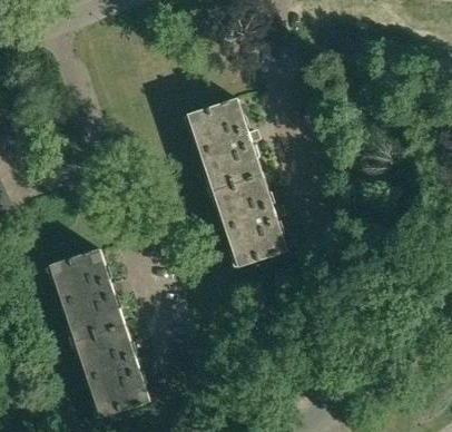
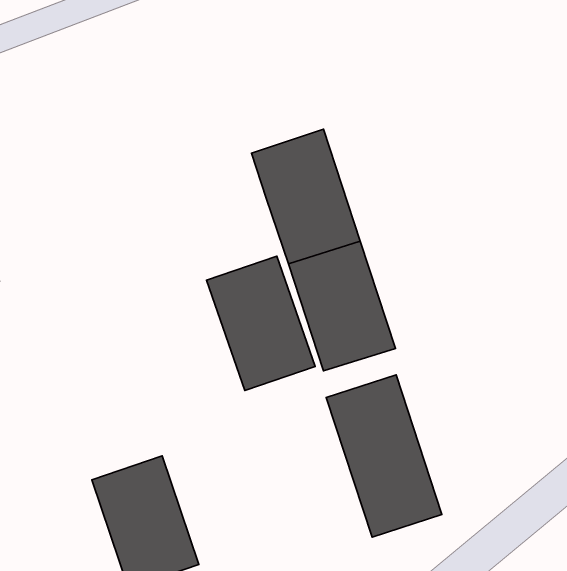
building: [48,249,124,343] -> [207,256,315,391]
building: none -> [326,375,442,537]

